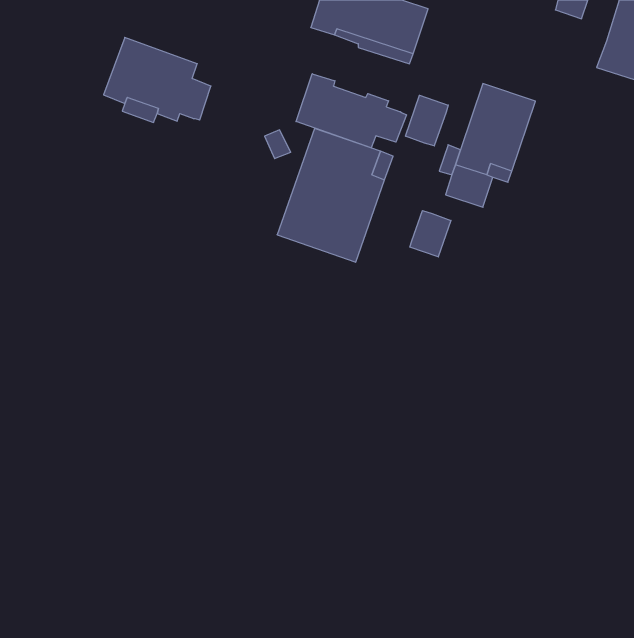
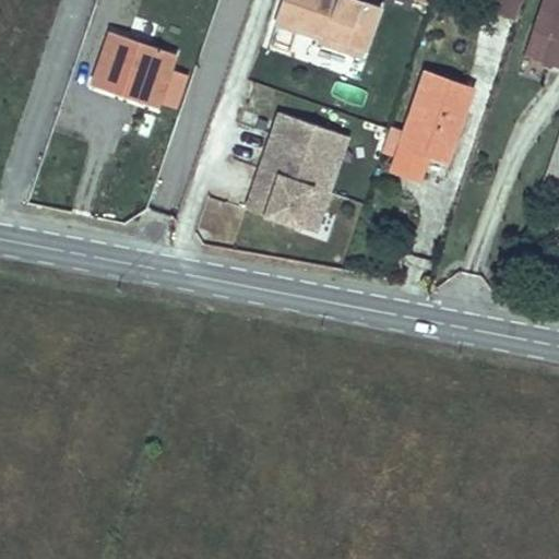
building: [296,74,406,148] -> none
building: [406,95,448,146] -> none
building: [410,211,451,257] -> none

